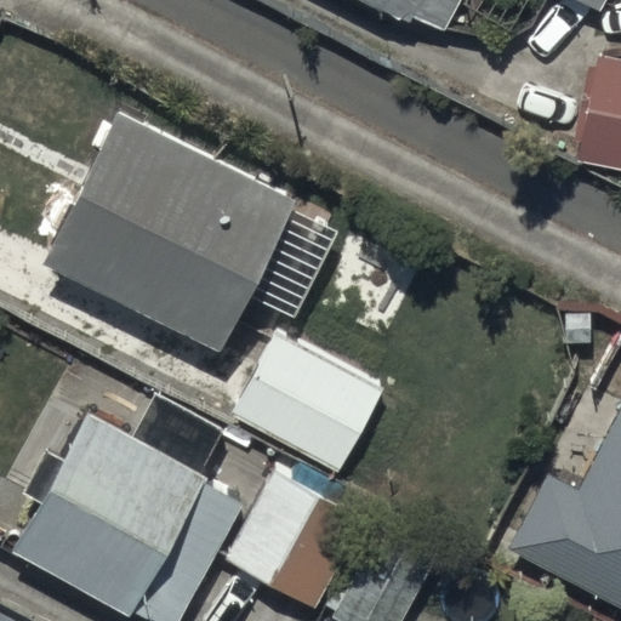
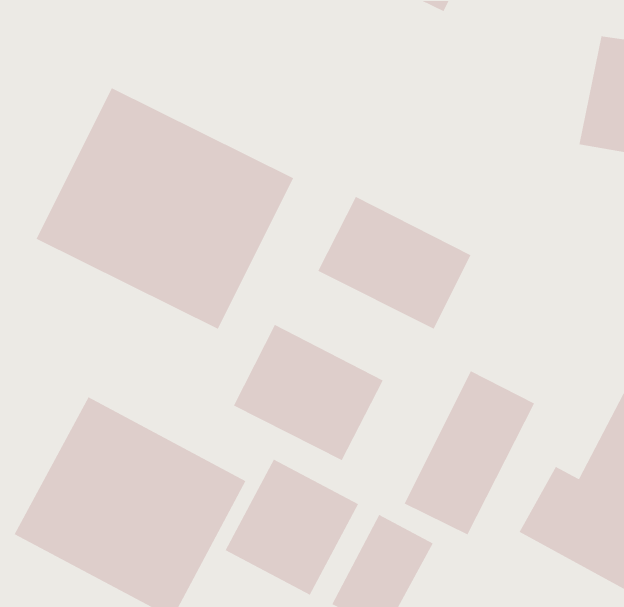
building: none -> [317,196,471,330]
building: none -> [404,370,535,536]

